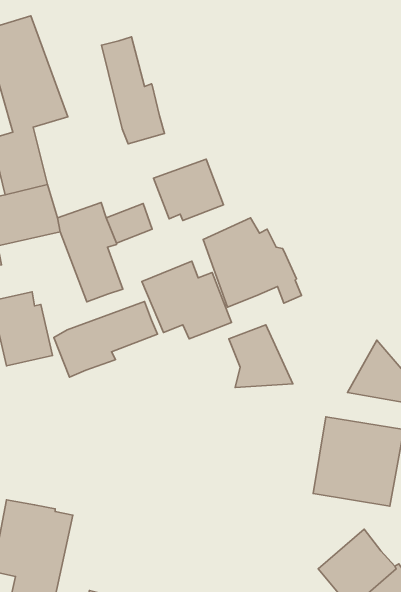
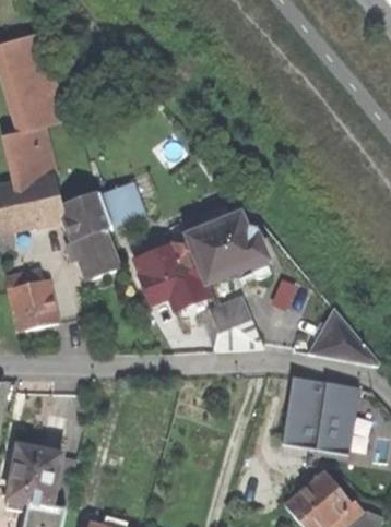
building: [102,37,164,144] -> none
building: [154,159,224,220] -> none
building: [54,301,157,377] -> none

